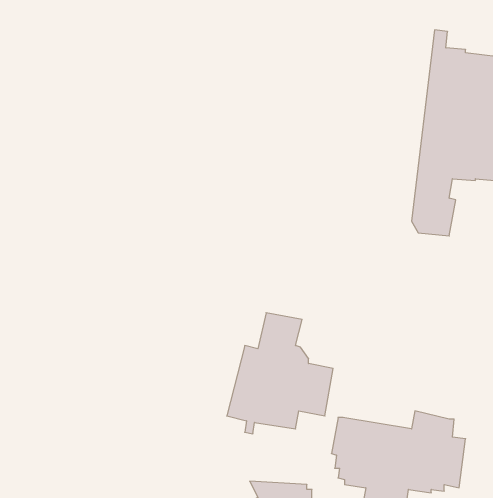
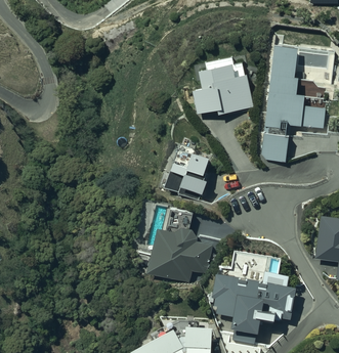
building: none -> [192,56,254,116]
building: none -> [163,143,209,202]

